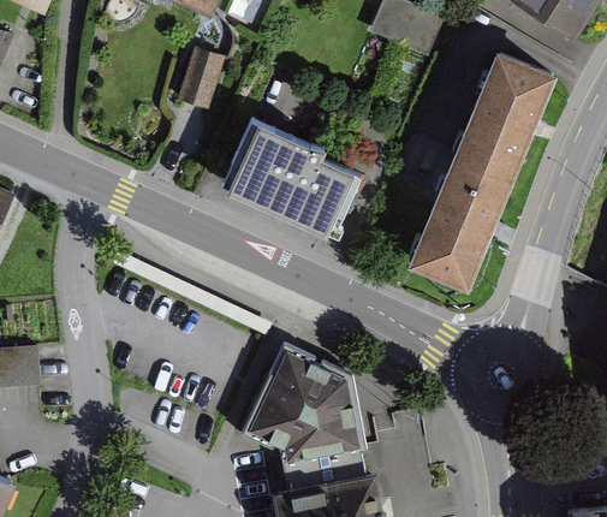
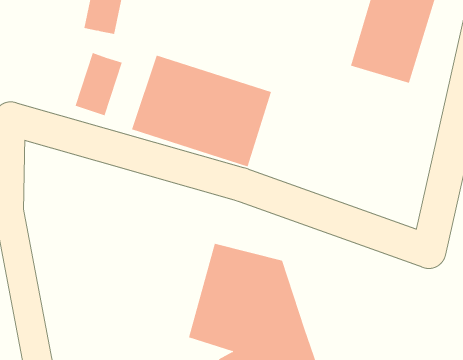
building: none -> [75,52,122,116]
building: [404,161,508,297] -> none

